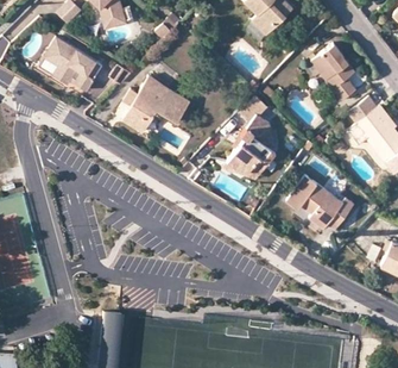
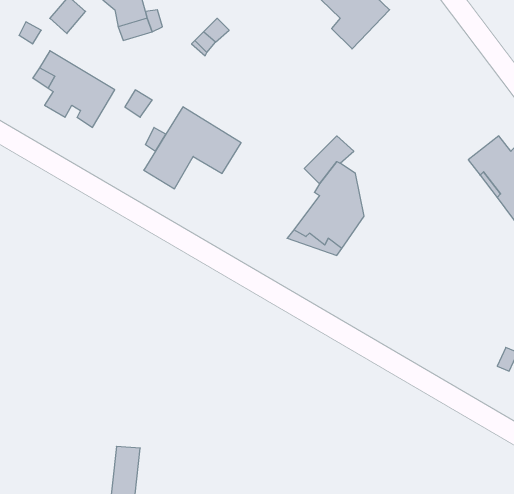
building: [305,43,356,100] -> none
building: [286,176,353,230] -> none

